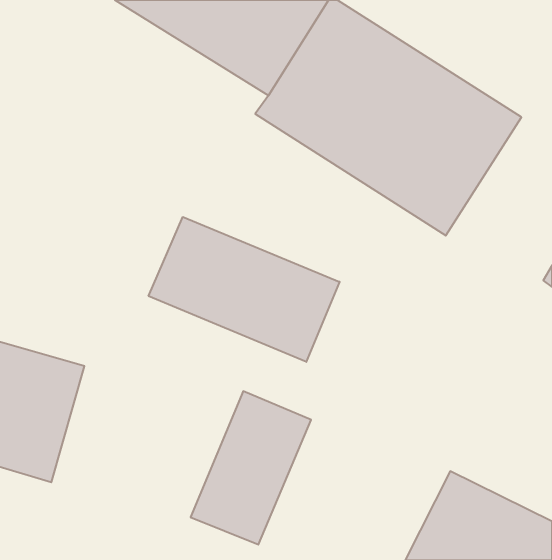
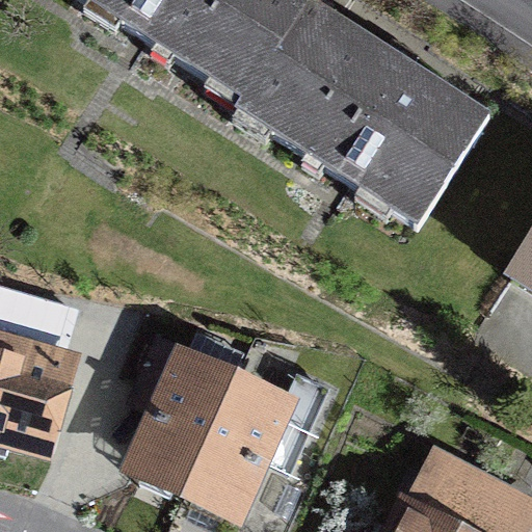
building: [149,217,340,362] -> none
building: none -> [118,345,231,490]

